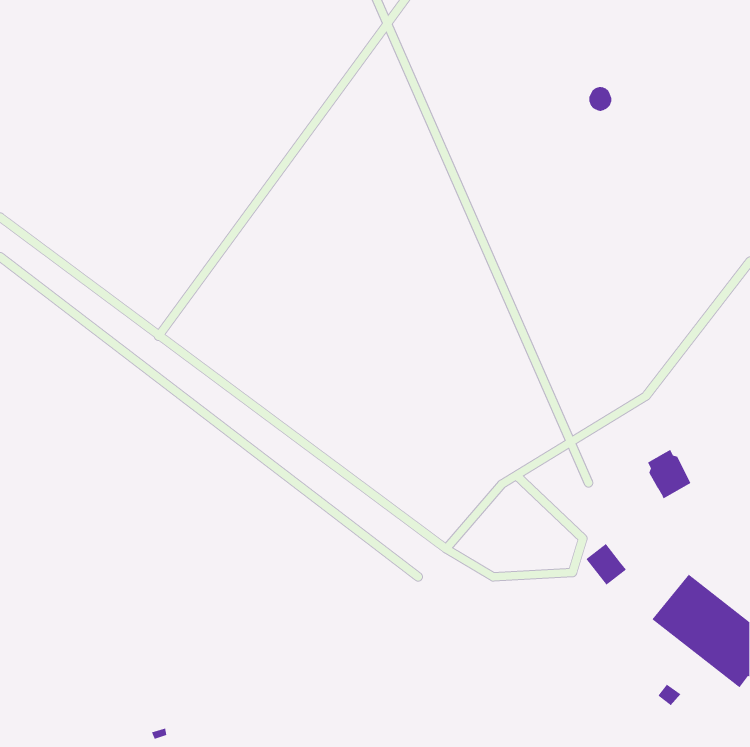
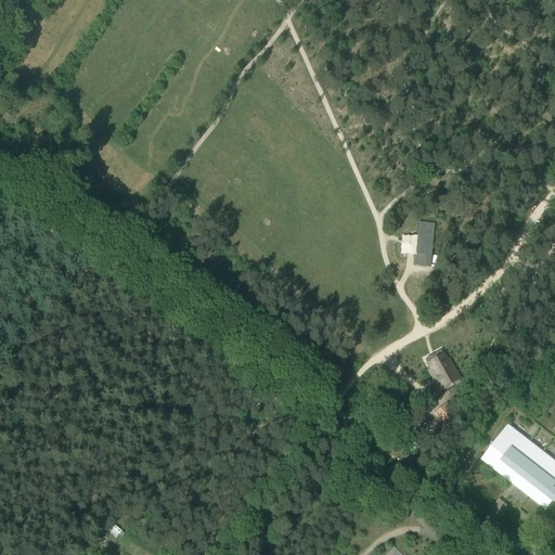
building: none -> [413,220,435,264]
building: [647,449,691,499] -> [427,352,460,389]

